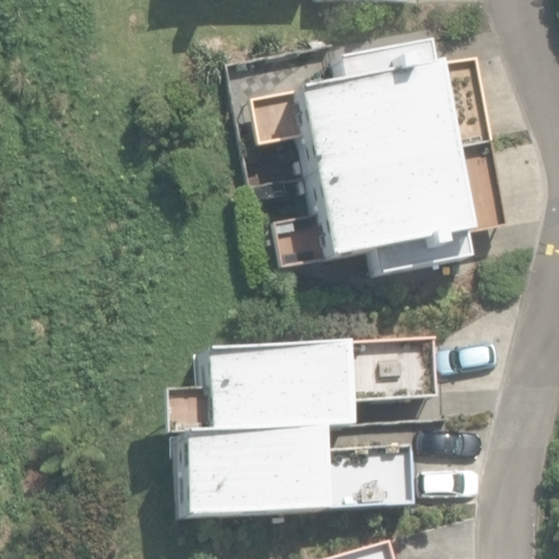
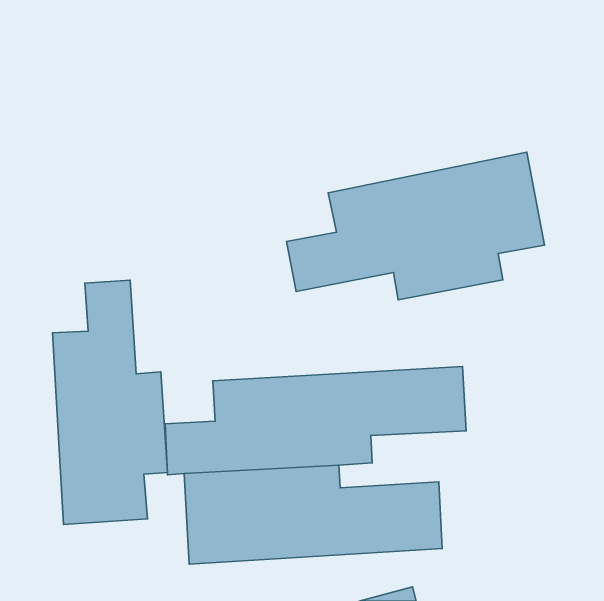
building: [242,39,487,177] -> none
building: none -> [53,280,168,524]

